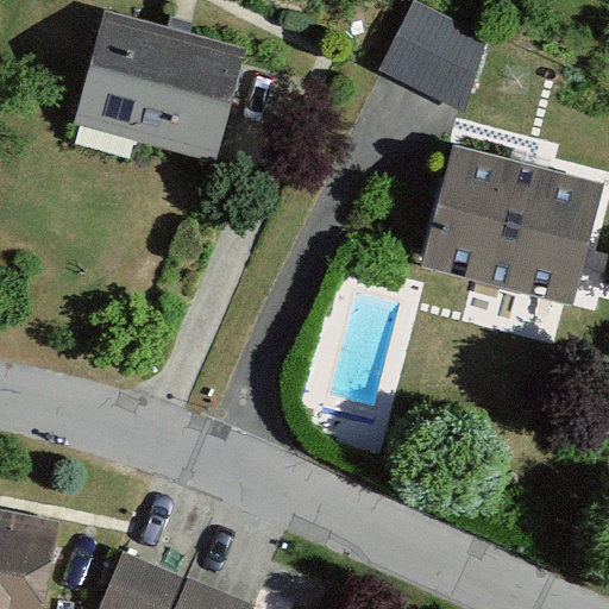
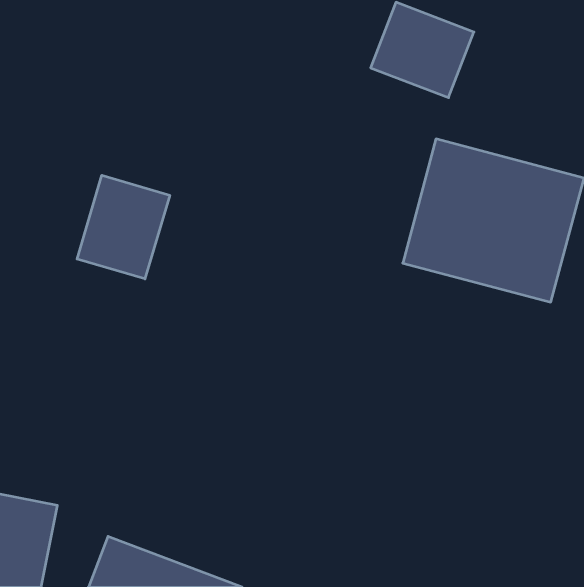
building: [70,12,245,170] -> none
building: none -> [77,175,170,279]

